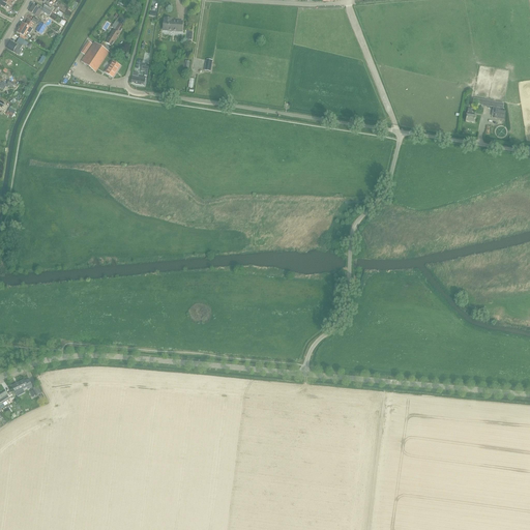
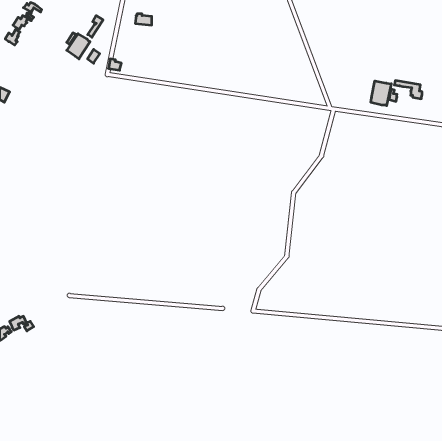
building: none -> [371,81,391,106]

